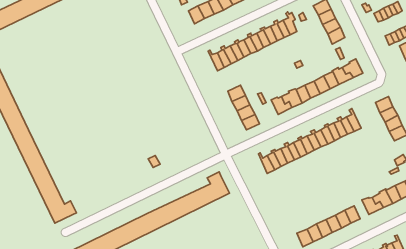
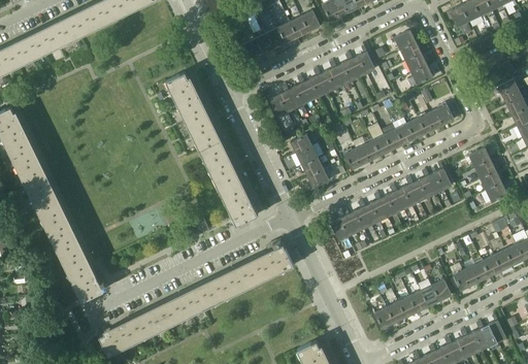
building: none -> [166,71,258,225]

